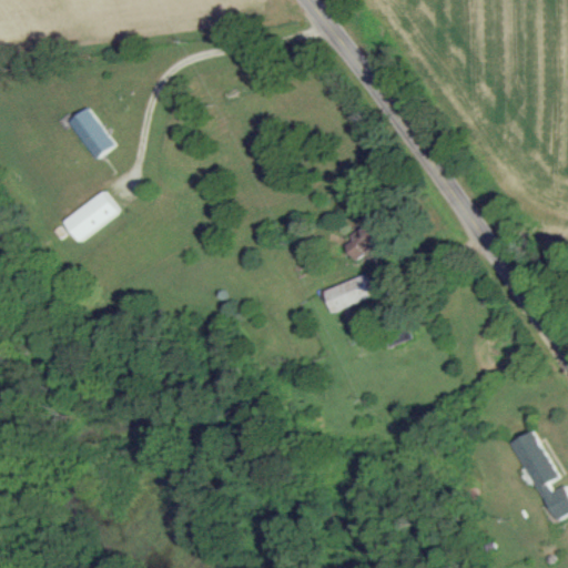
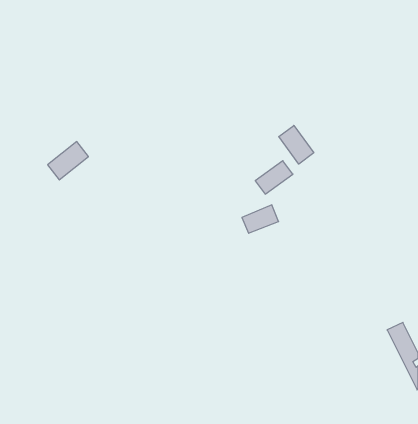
building: [64,108,112,160] -> none
building: none -> [279,125,314,164]

